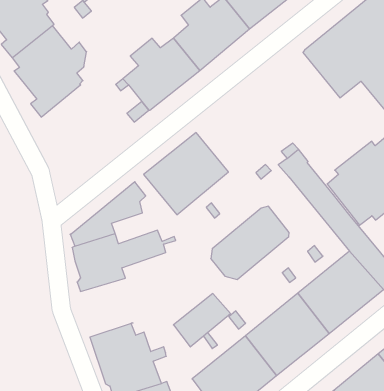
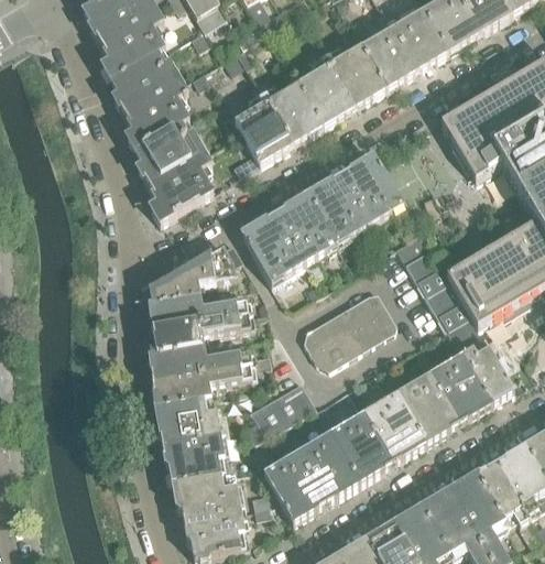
building: none -> [135,120,212,219]
building: none -> [307,153,403,242]
building: none -> [149,345,271,405]

